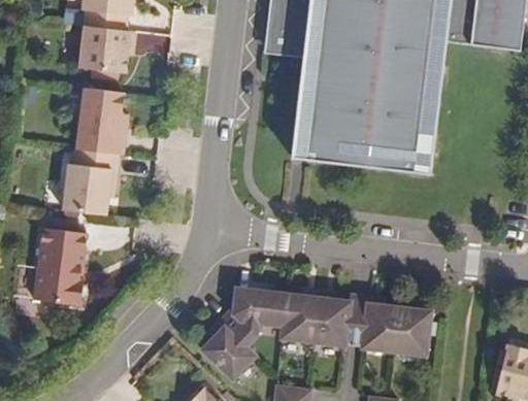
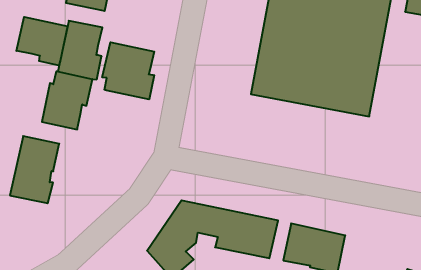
building: none -> [16,17,67,65]
building: none -> [102,42,154,99]

